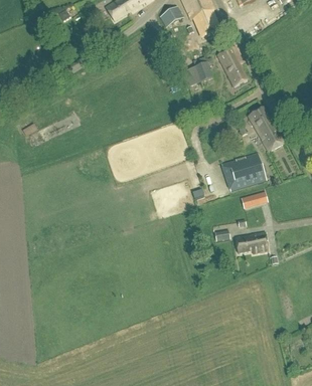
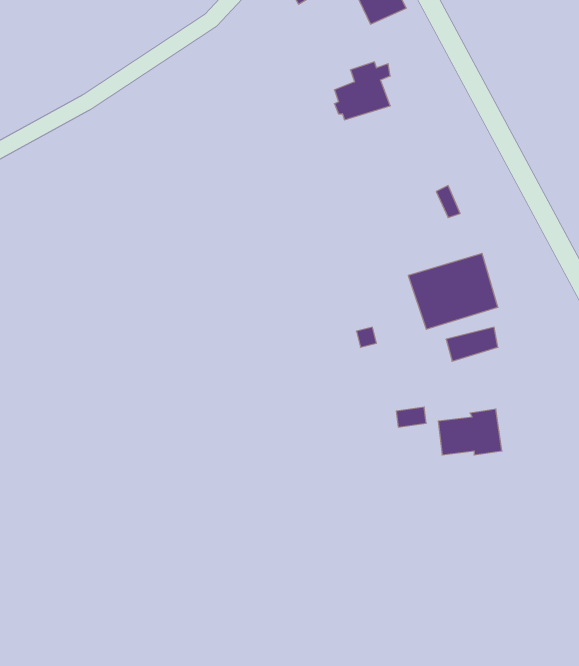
building: [217,46,248,86] -> none
building: [249,107,287,151] -> none

